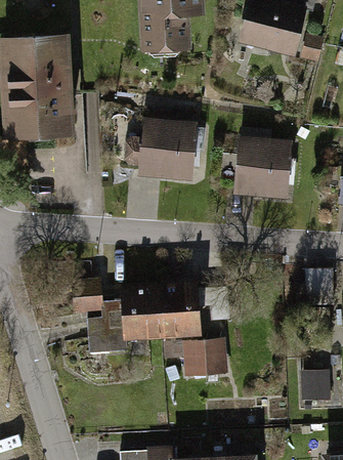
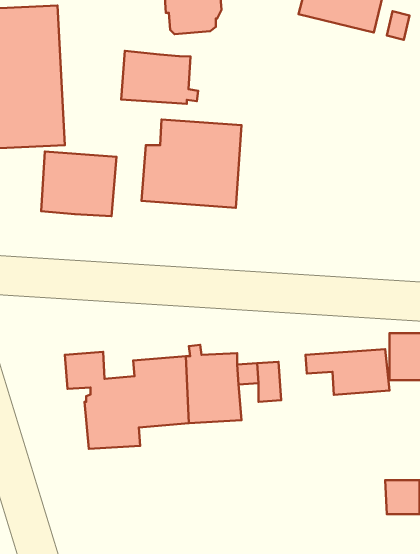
building: none -> [121,51,198,104]
building: [238,124,295,198] -> none
building: none -> [41,151,116,216]
building: [165,342,225,375] -> [305,349,389,395]

